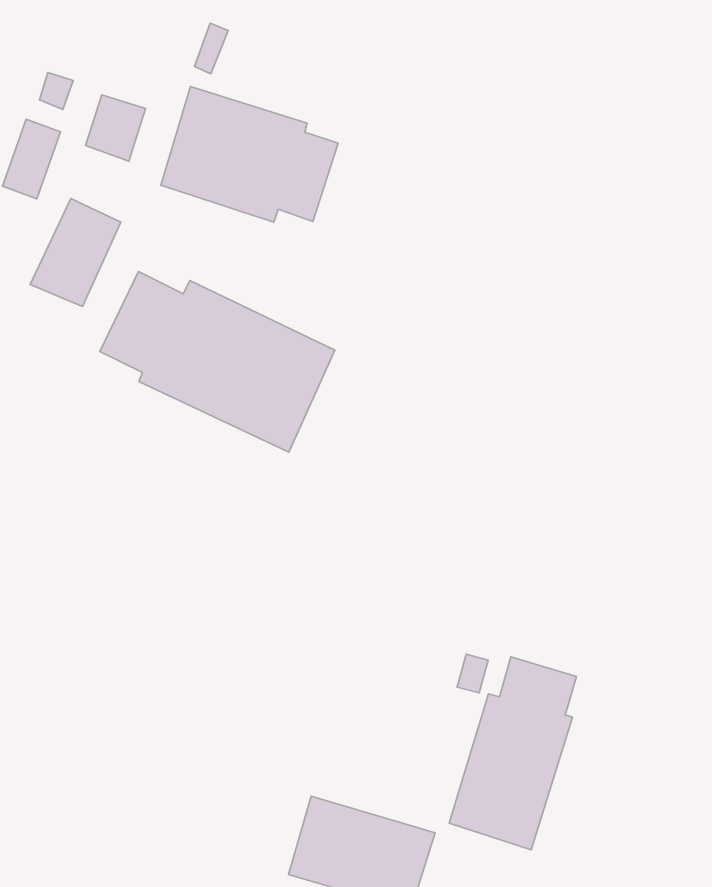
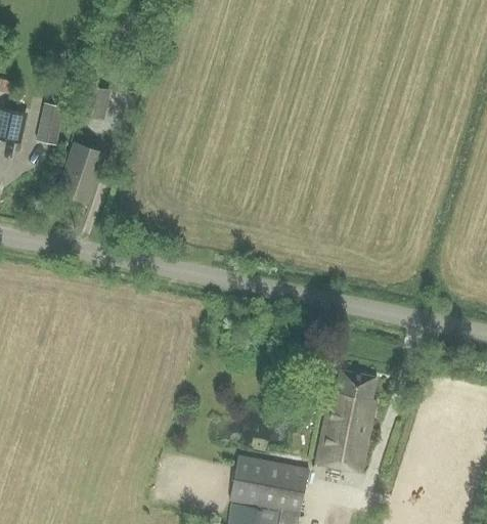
building: [161,86,338,222] -> none
building: [100,271,335,452] -> none

